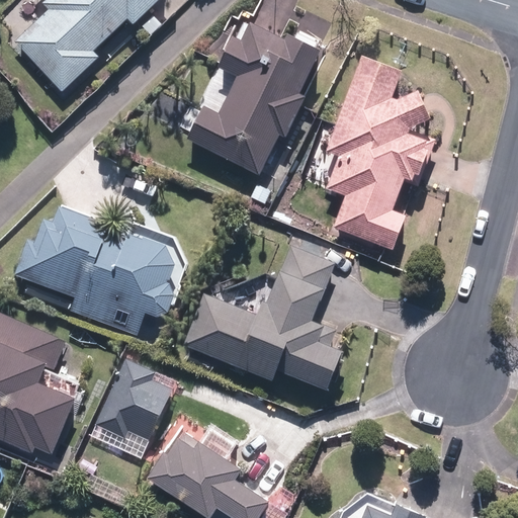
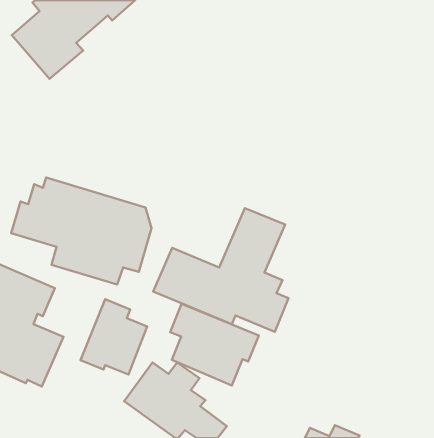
building: [184,21,318,179] -> none
building: [322,57,433,252] -> none
building: none -> [170,304,259,385]

